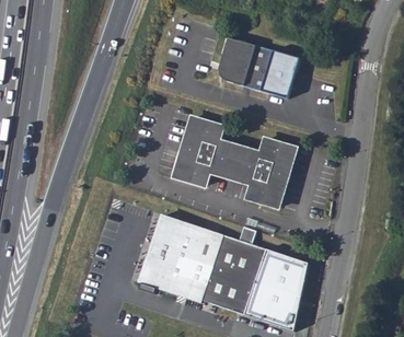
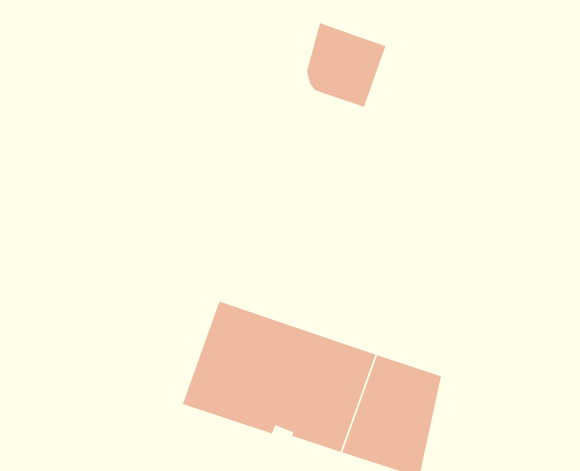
building: [257,49,299,97] -> none
building: [171,118,292,208] -> none

